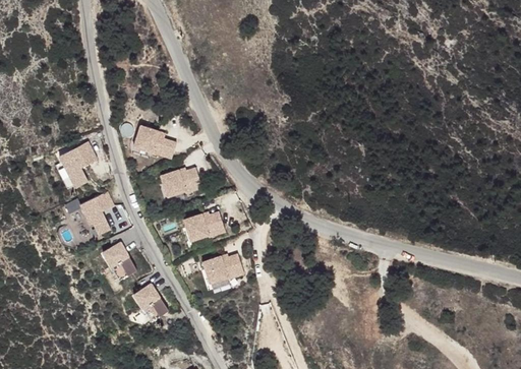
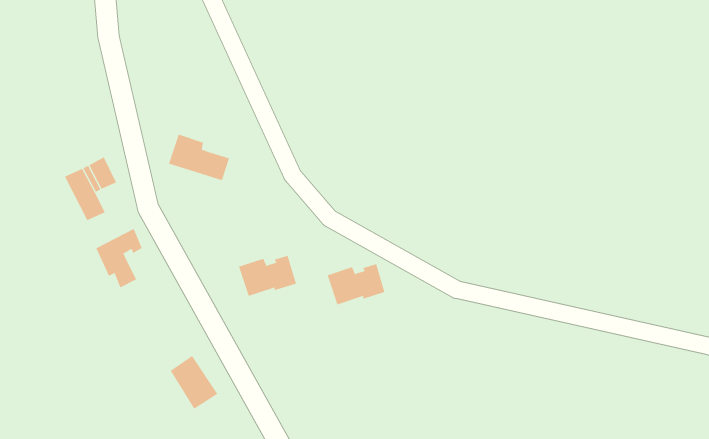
building: [160,167,201,196] -> none
building: [102,242,136,281] -> none
building: [201,253,243,283] -> [327,264,385,305]

